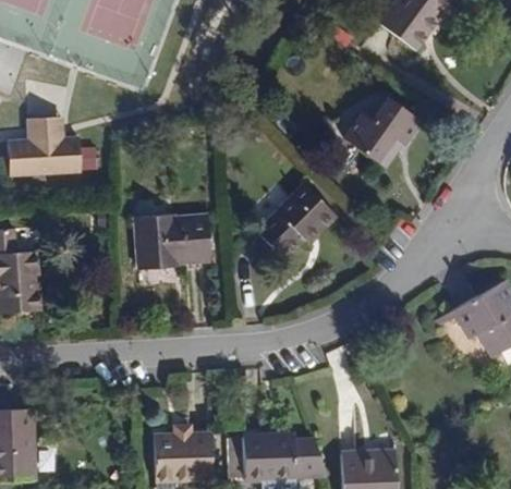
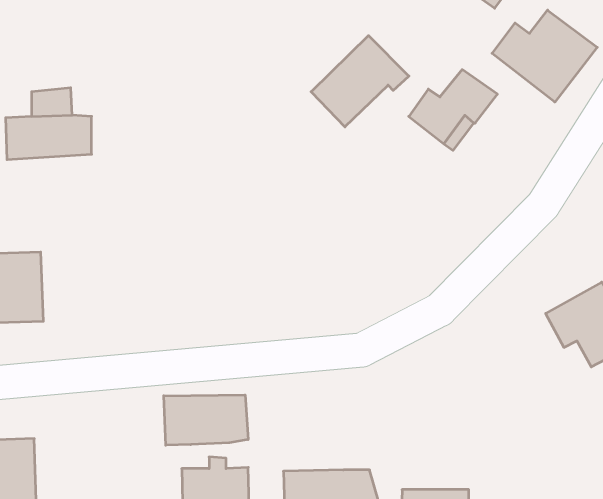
building: none -> [492,10,597,102]
building: [255,184,337,260] -> [311,36,409,127]
building: [135,211,207,265] -> none
building: none -> [164,395,248,445]

